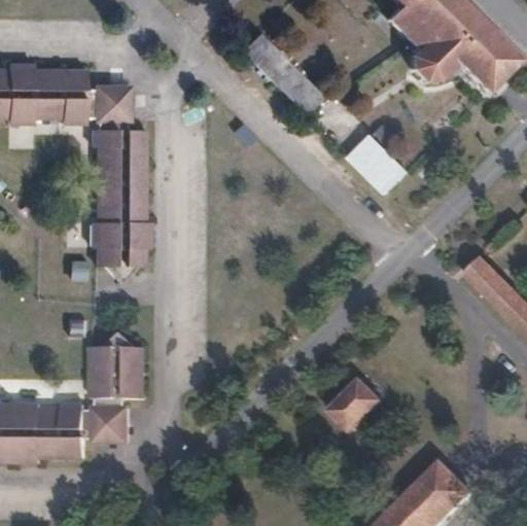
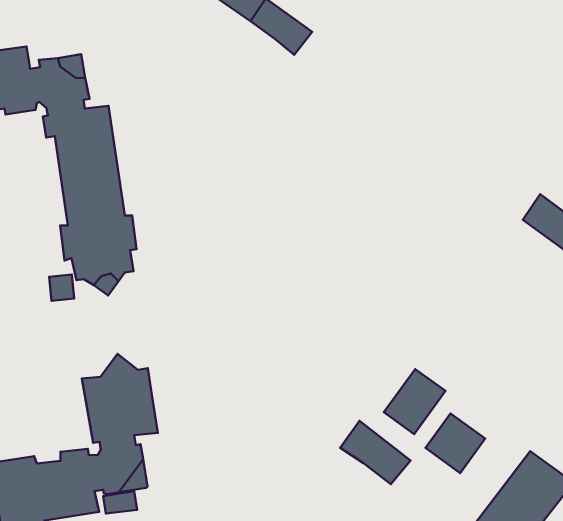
building: [347,135,405,190] -> none
building: none -> [340,421,411,484]
building: none -> [425,413,485,473]

